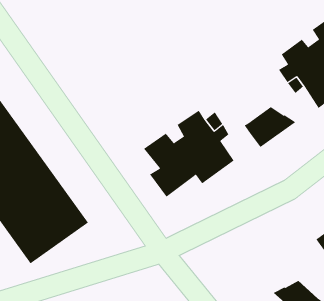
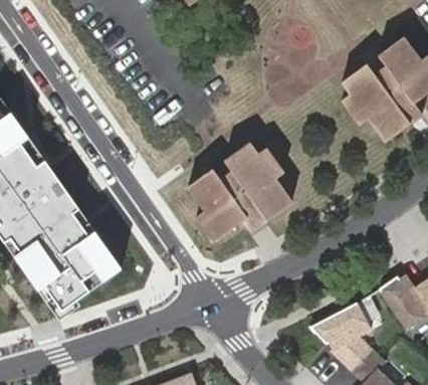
building: [244,106,297,148] -> none
building: none -> [312,303,373,345]

